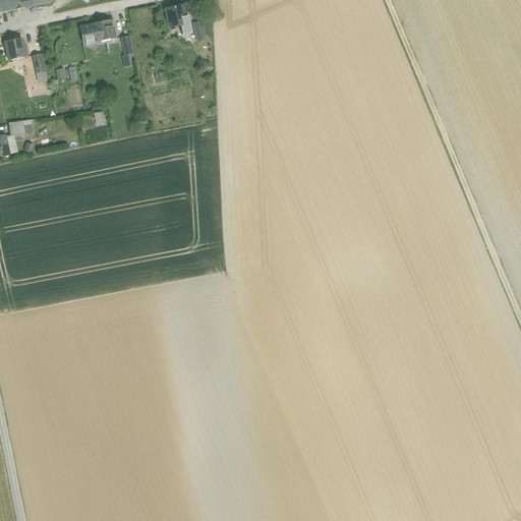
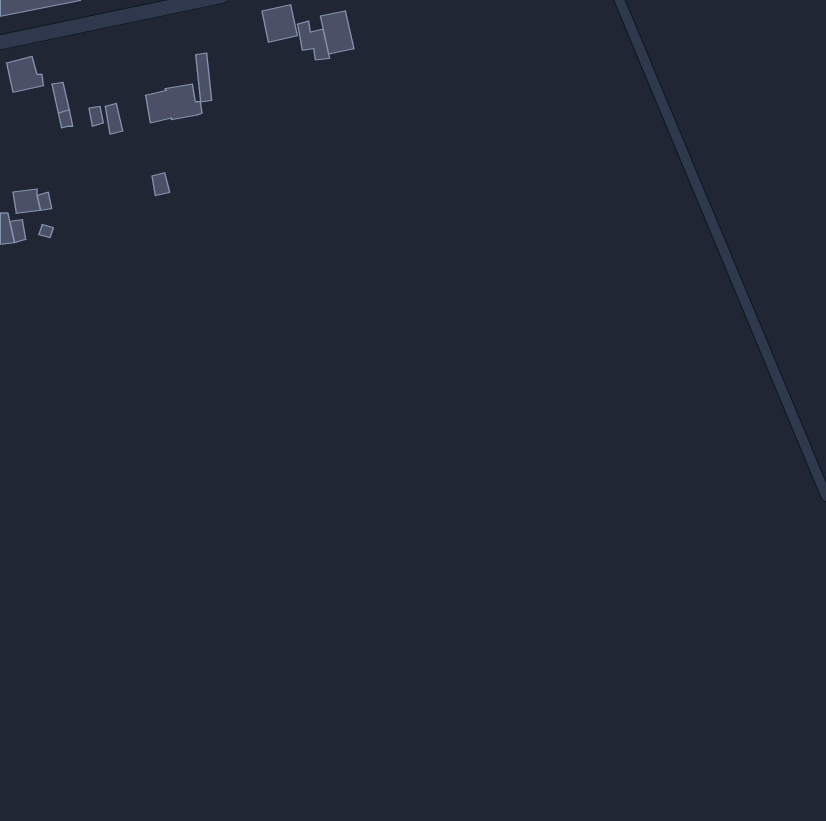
building: none -> [320,11,354,54]
building: [80,18,116,43] -> [145,84,202,123]

